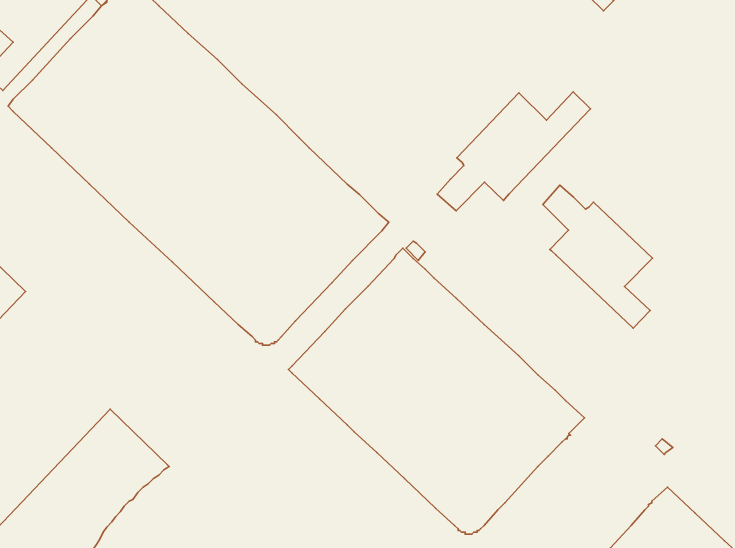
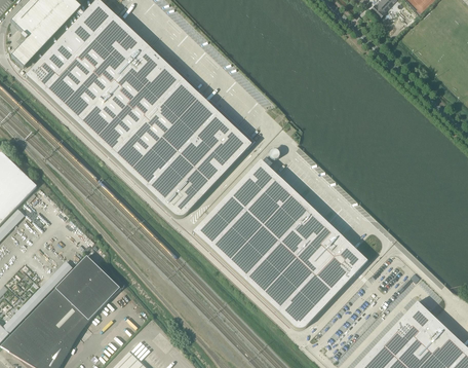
building: [437,92,590,211] -> none
building: [543,185,652,328] -> none

